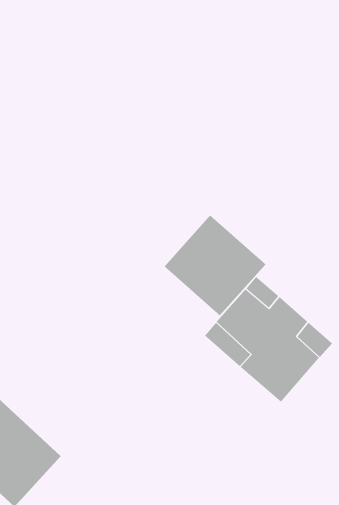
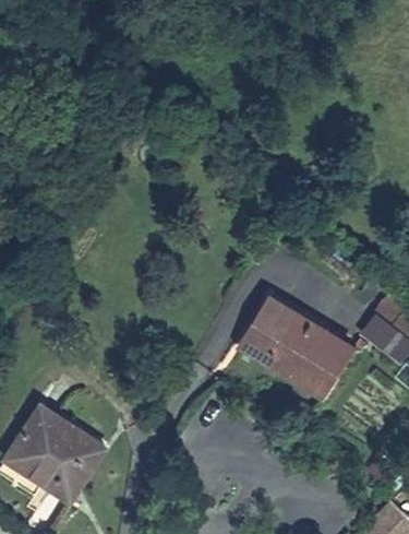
building: [164,214,266,316] -> none

